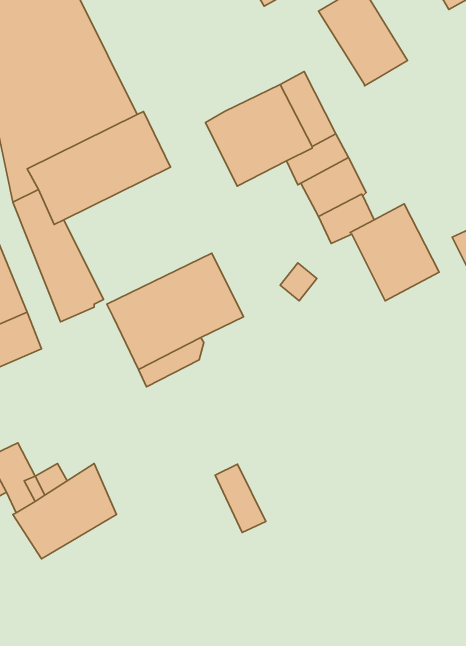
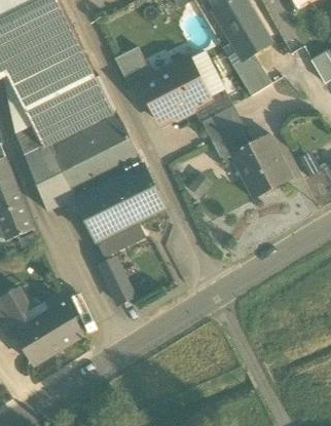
building: none -> [114,45,152,86]
building: none -> [231,51,271,94]
building: none -> [48,110,144,209]
building: [215,464,266,533] -> [100,258,133,302]

